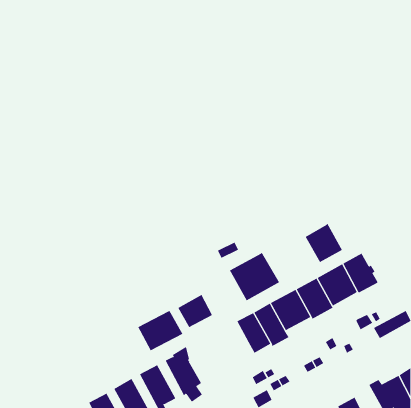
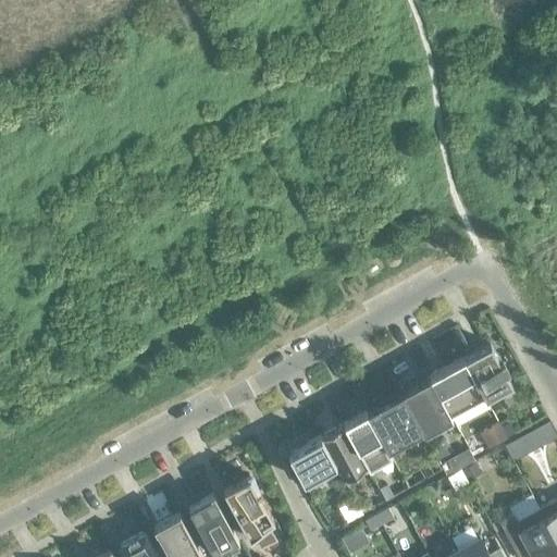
building: [305,223,343,263] -> none
building: [229,251,280,301] -> none
building: [178,294,213,328] -> [287,438,335,484]
building: [137,310,183,351] -> none

